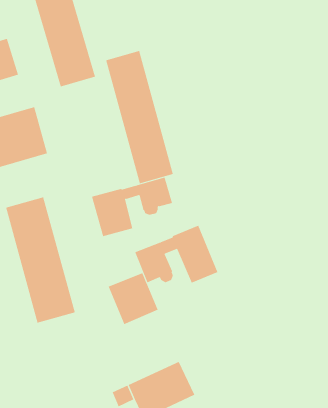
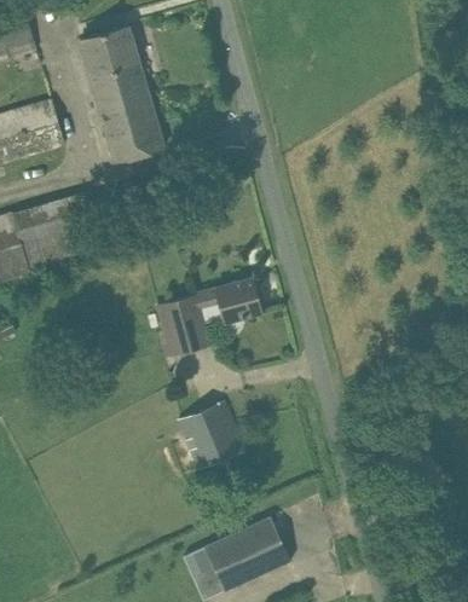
building: [106,50,174,184] -> none
building: [5,197,75,323] -> none
building: [135,225,218,284] -> none

